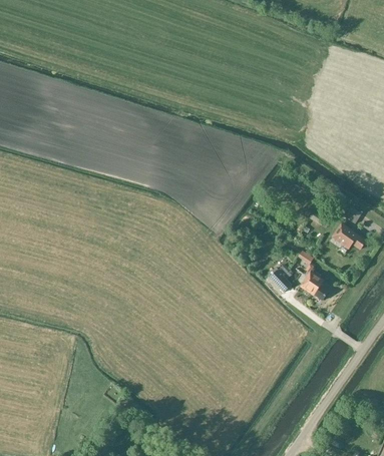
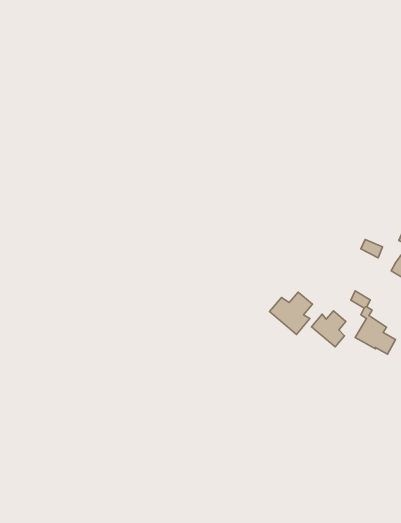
building: none -> [269,292,313,334]

